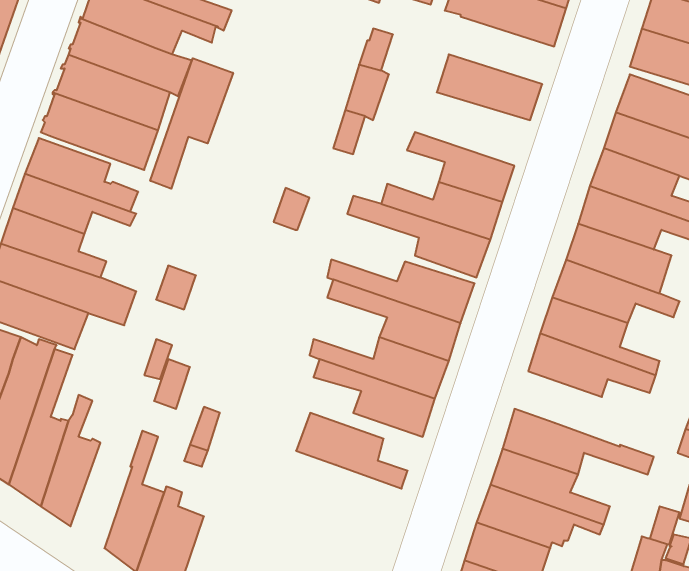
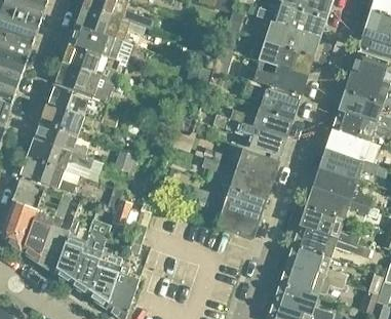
building: none -> [265,22,319,56]
building: [150,58,233,189] -> none
building: none -> [253,61,307,94]
building: [296,413,408,489] -> [299,204,356,243]
building: none -> [70,233,102,295]

